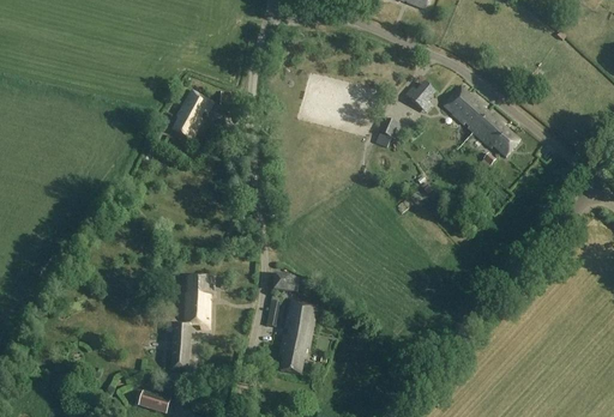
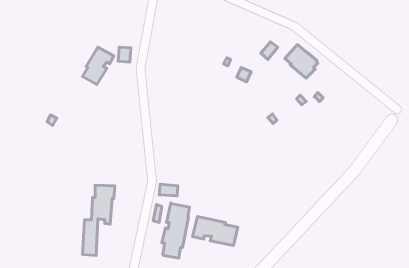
building: [472,111,519,156] -> none
building: none -> [193,216,238,245]

